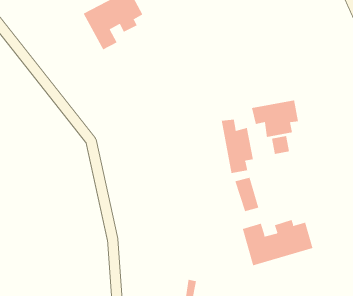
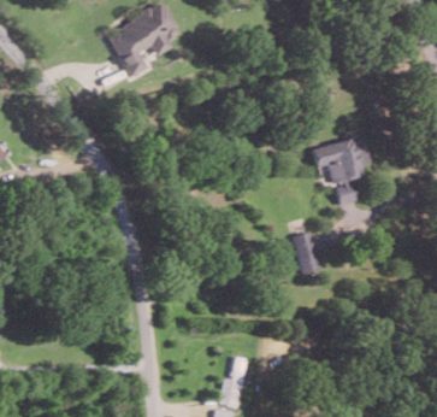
building: [221,119,253,174] -> none
building: [242,219,313,266] -> none

